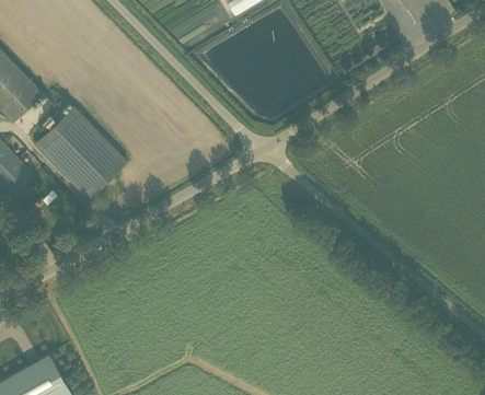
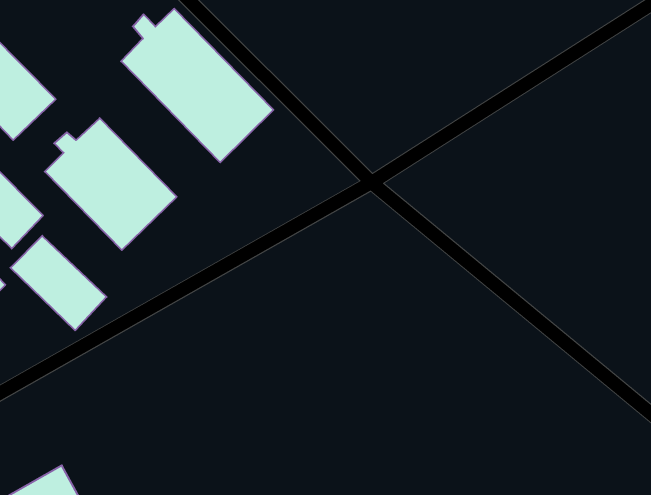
building: none -> [121,9,273,162]
building: none -> [10,236,107,330]

